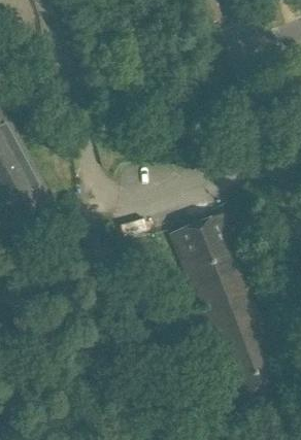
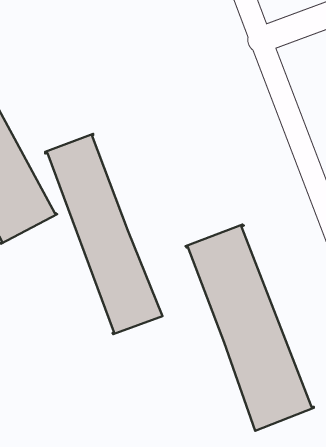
building: none -> [45,134,163,334]

